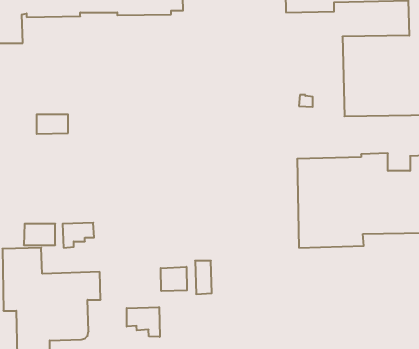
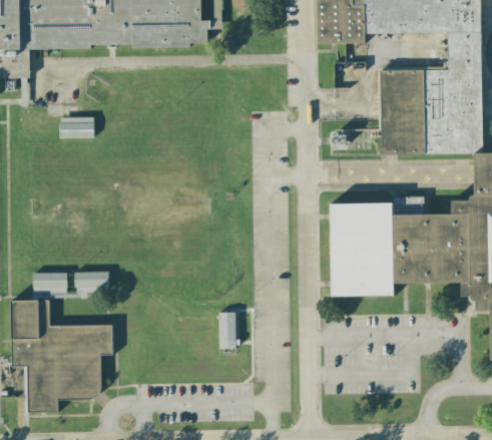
building: [37,114,68,134] -> [60,116,94,137]
building: [161,267,187,291] -> none
building: [127,307,160,337] -> none

